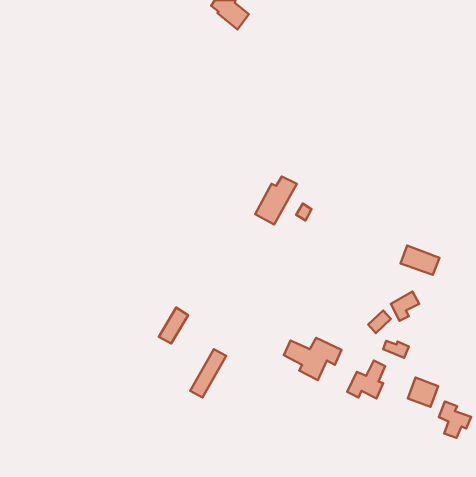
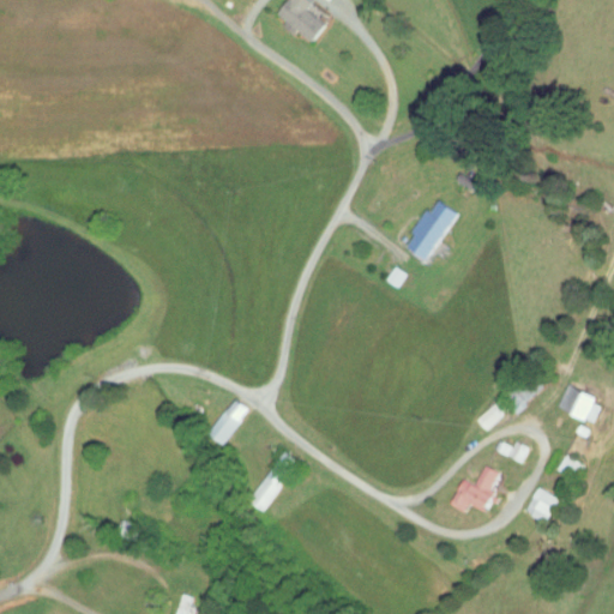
building: [255,176,297,225] -> [405,200,458,261]
building: [401,245,439,275] -> [556,385,606,422]
building: [284,338,341,380] -> none
building: [439,402,471,438] -> none

